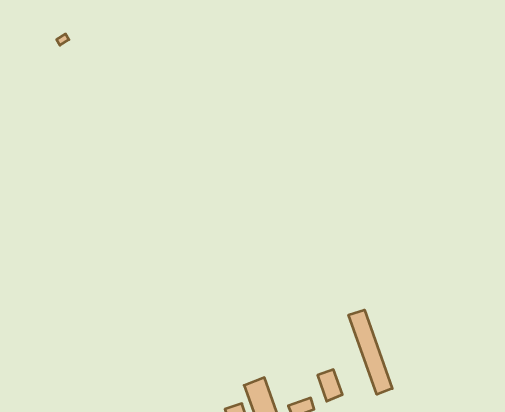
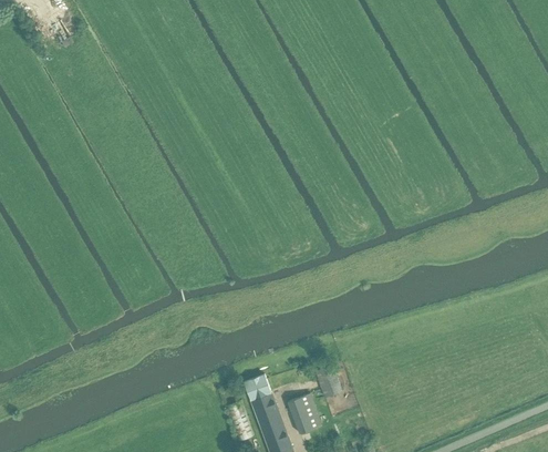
building: [349,310,392,394] -> none

